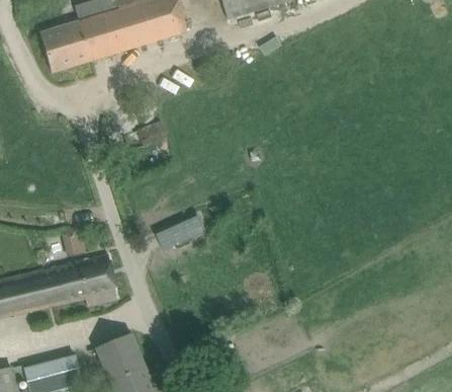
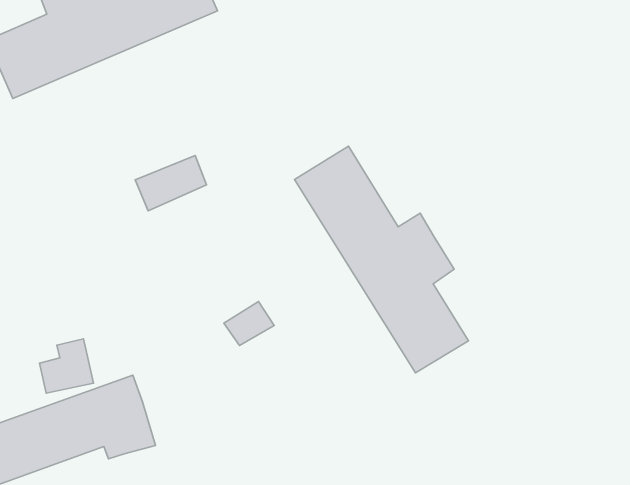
building: none -> [294,146,469,373]

